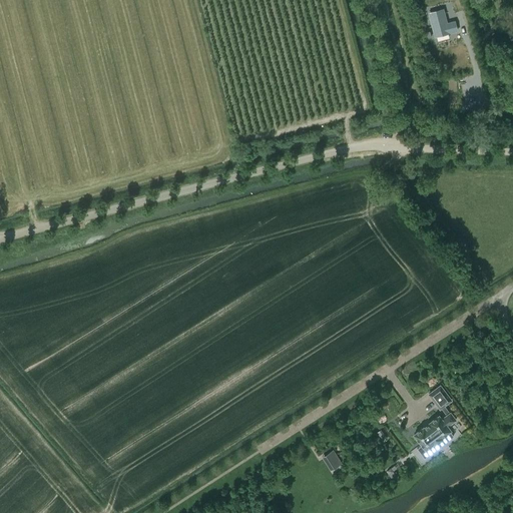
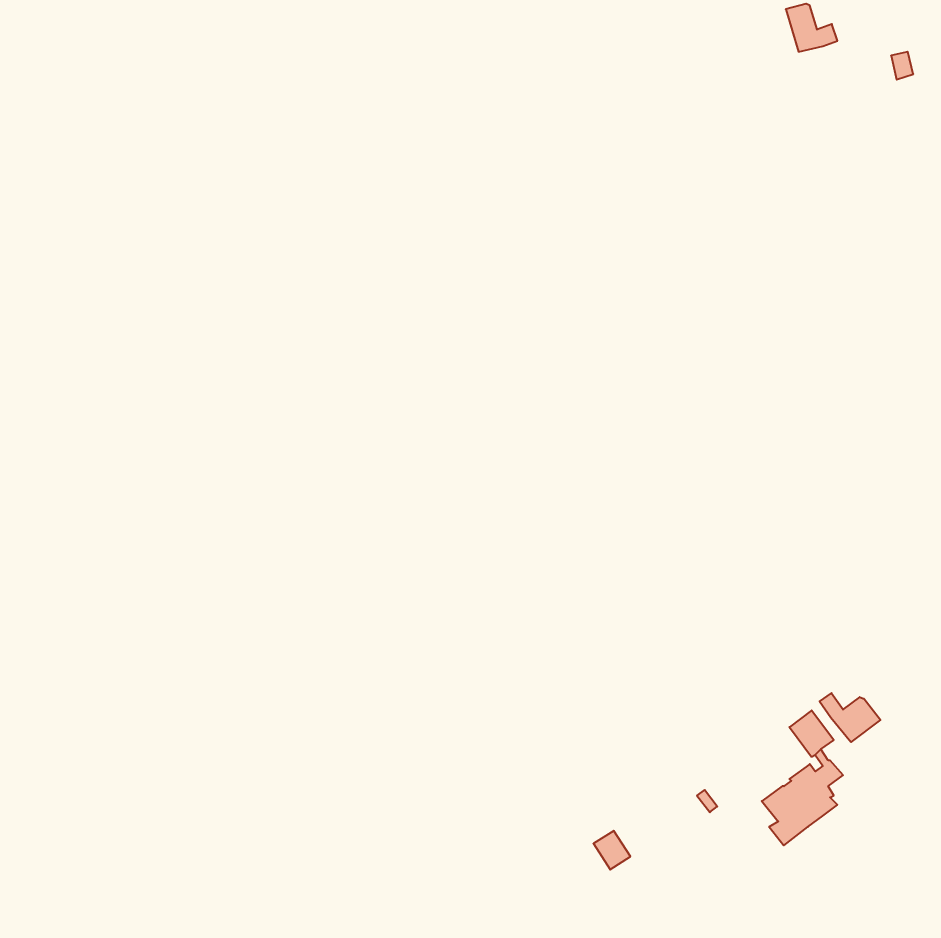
building: none -> [820,693,880,742]

